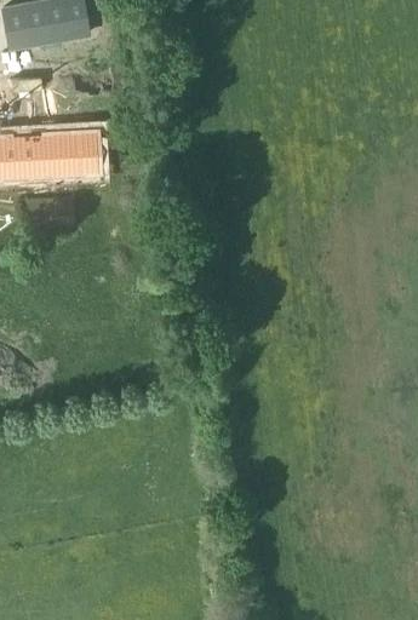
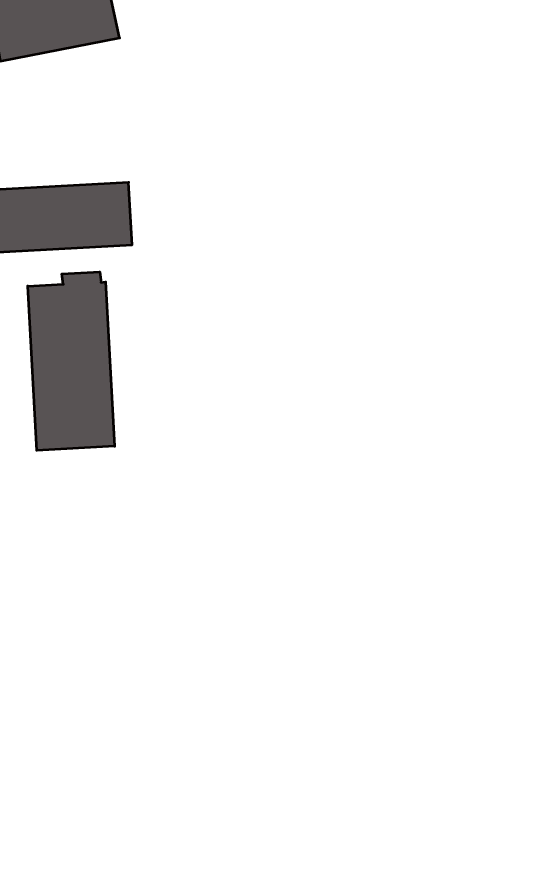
building: none -> [28,272,115,450]

